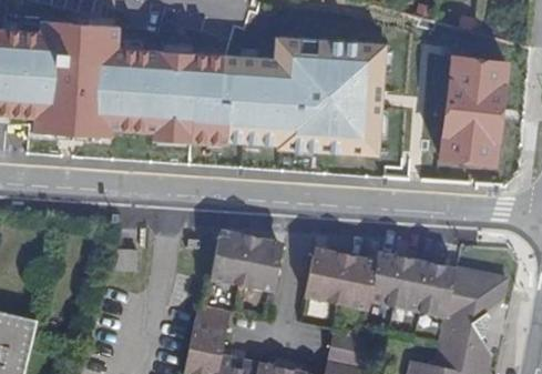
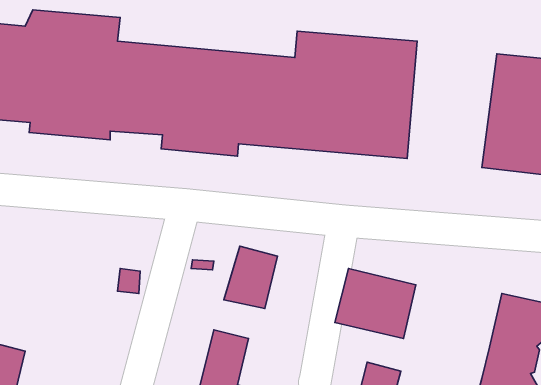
building: [246,236,287,291] -> none
building: [371,253,457,317] -> none

